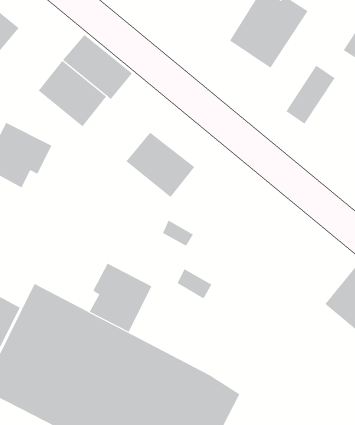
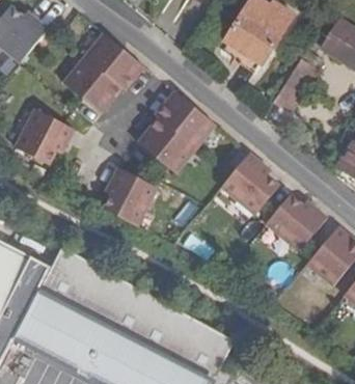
building: none -> [155,91,214,147]
building: none -> [220,154,278,215]
building: none -> [265,195,327,252]
building: [89,263,152,332] -> [102,166,156,225]

